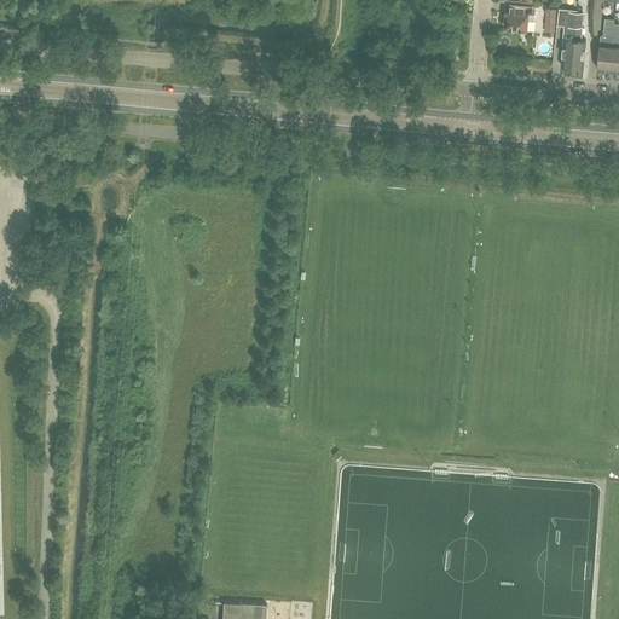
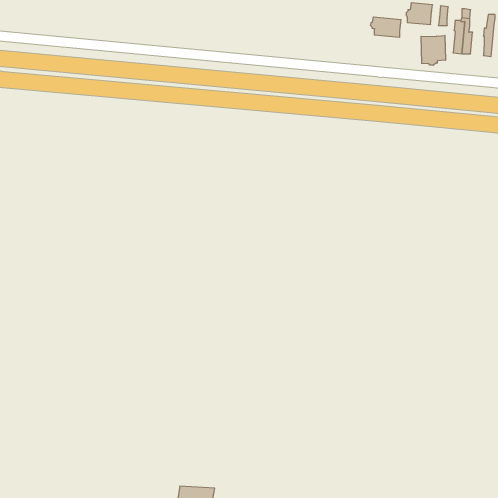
building: none -> [371,17,401,37]
building: none -> [421,35,446,65]

